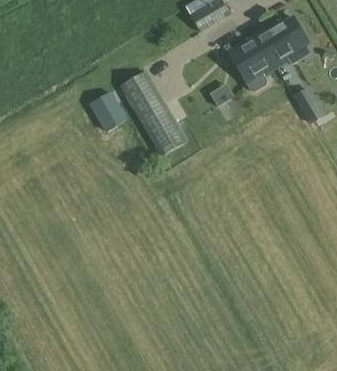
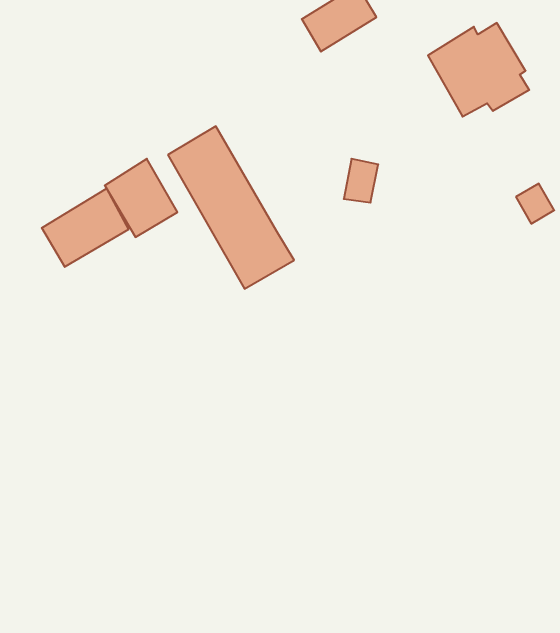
building: [226,33,274,91] -> none
building: none -> [42,189,128,267]

